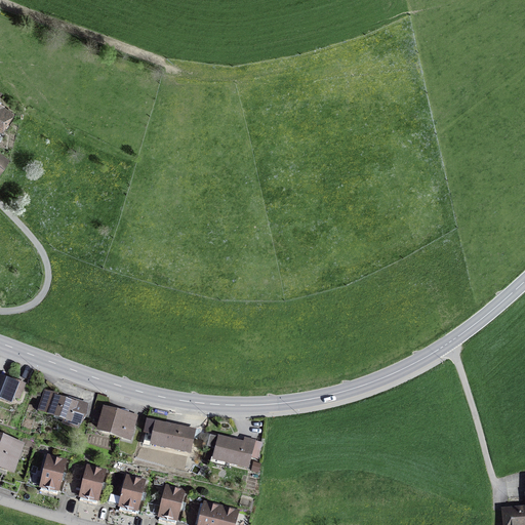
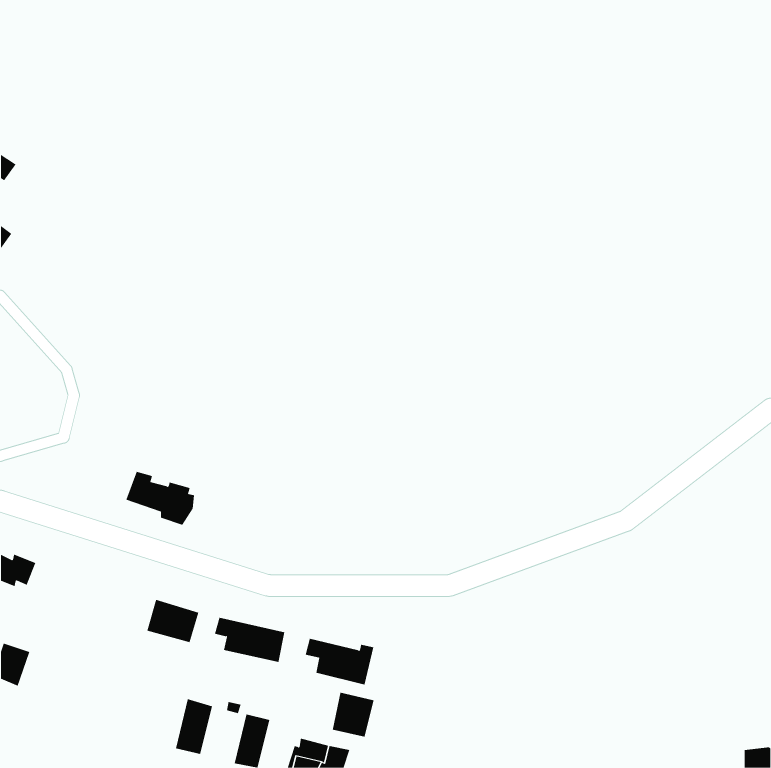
building: [39,390,86,427] -> [126,471,195,525]
building: [40,455,66,493] -> none
building: [79,466,105,503] -> none
building: none -> [332,692,374,738]

